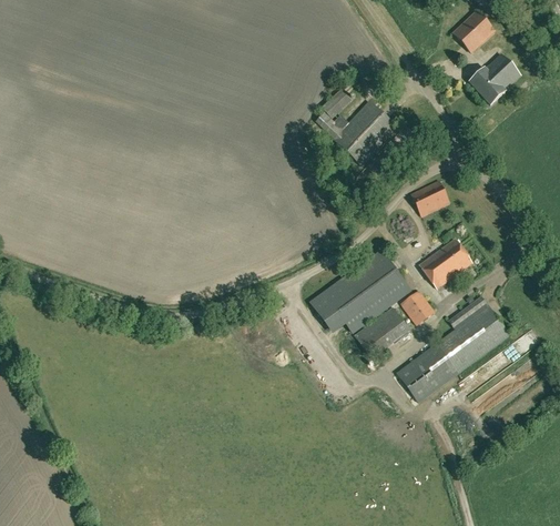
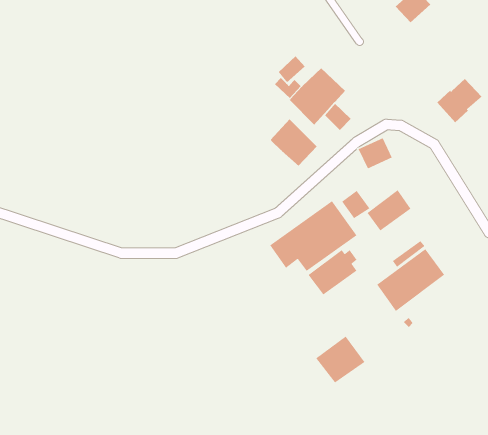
building: [469,53,521,104] -> [436,78,483,123]
building: none -> [324,103,351,131]
building: none -> [270,118,318,166]
building: [401,291,435,324] -> [341,190,371,219]
building: [397,347,454,402] -> [315,335,365,384]

